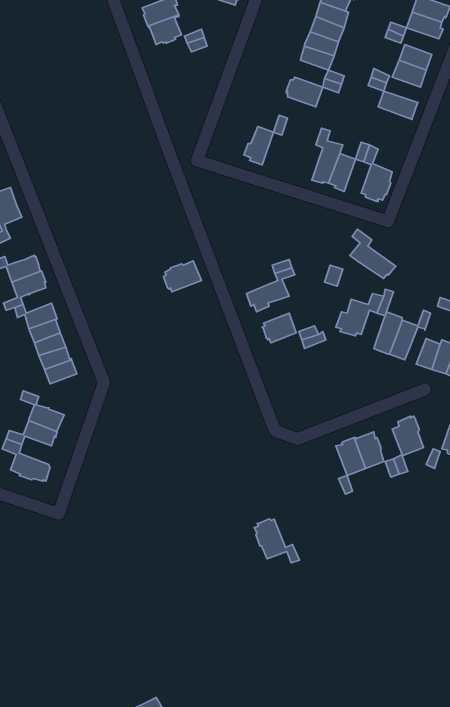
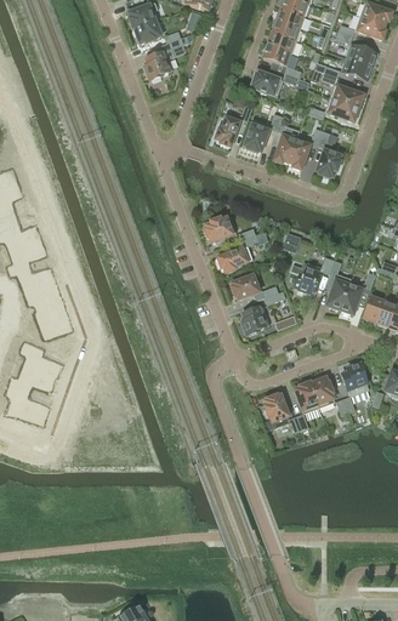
building: none -> [144,51,174,80]
building: none -> [308,97,359,121]
building: none -> [244,113,282,153]
building: [350,229,396,278] -> none
building: [163,261,202,292] -> [204,216,237,243]
building: none -> [241,306,269,335]
building: [254,519,300,563] -> [263,394,302,432]

